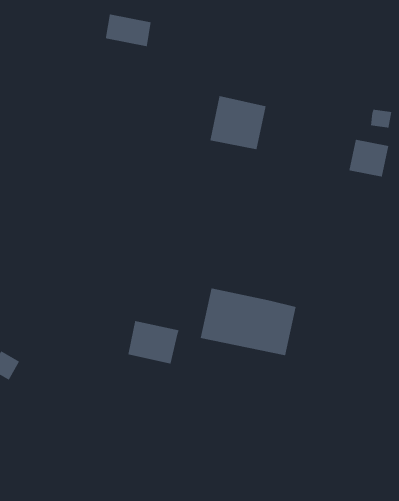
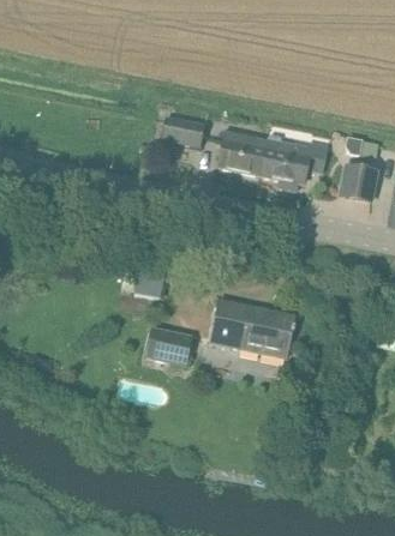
building: [105,14,151,47] -> [162,116,203,145]
building: none -> [259,133,328,192]
building: none -> [133,263,175,296]

